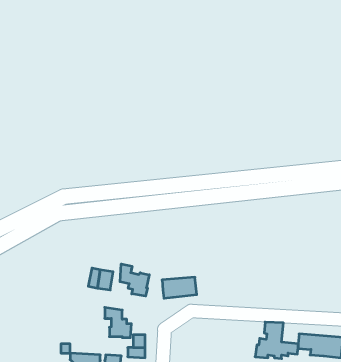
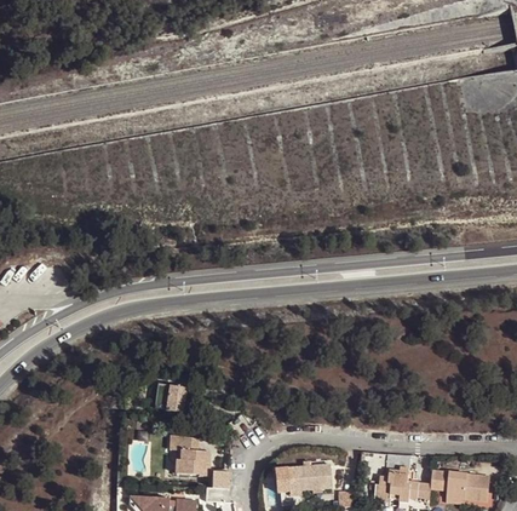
building: [120,264,149,296] -> none
building: [162,277,197,298] -> [286,465,332,493]

